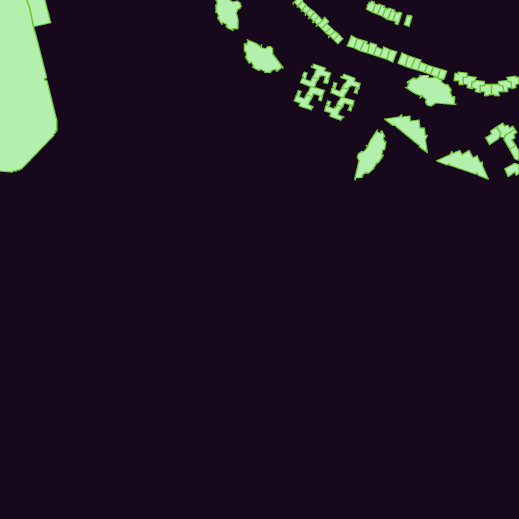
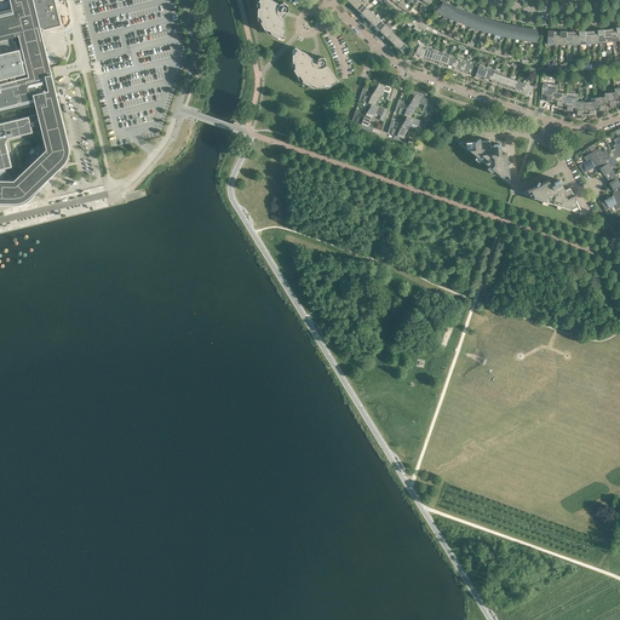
building: [405,75,456,106] -> none
building: [355,130,386,180] -> none

